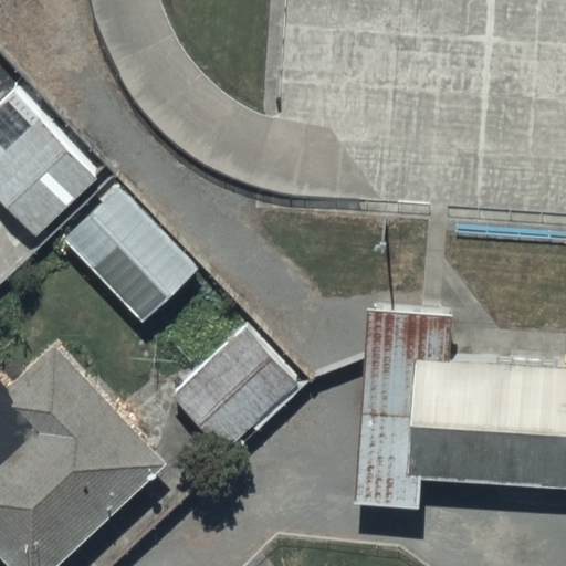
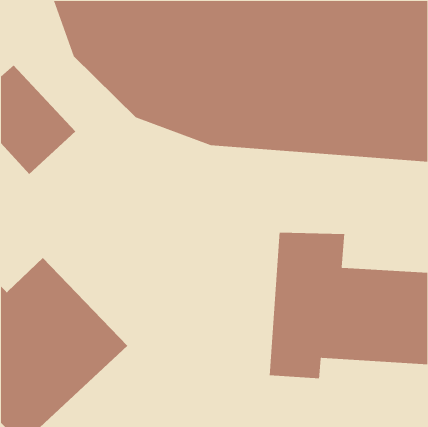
building: [67,186,199,318] -> none
building: [172,326,300,453] -> none

